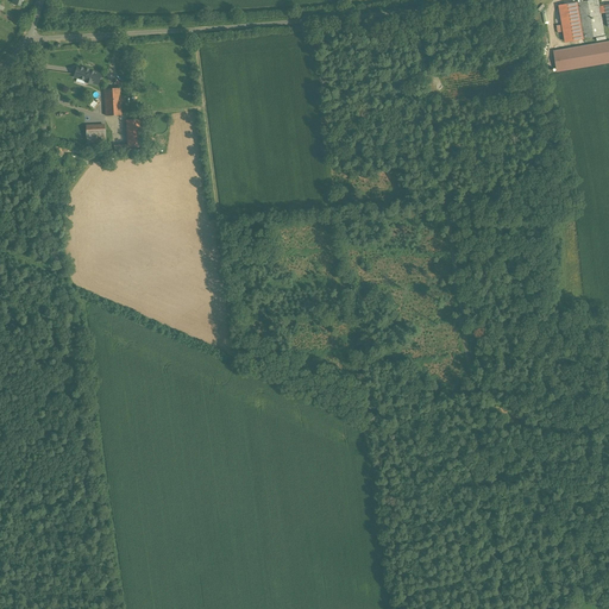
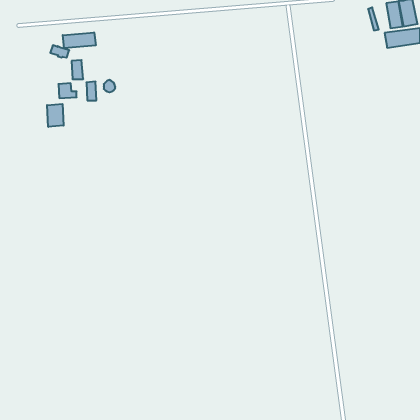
building: none -> [63,32,96,48]
building: none -> [47,104,64,127]

